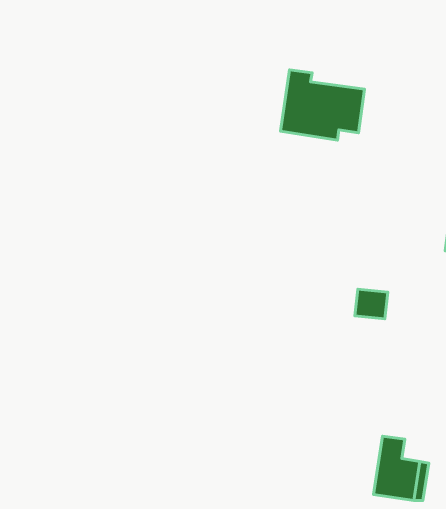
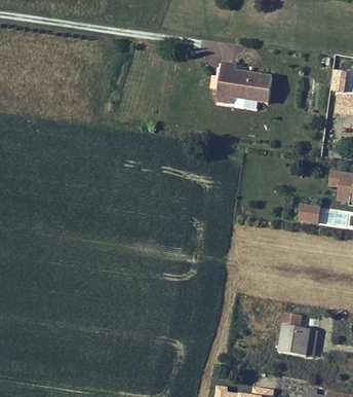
building: [355,289,388,319] -> [298,202,320,222]

